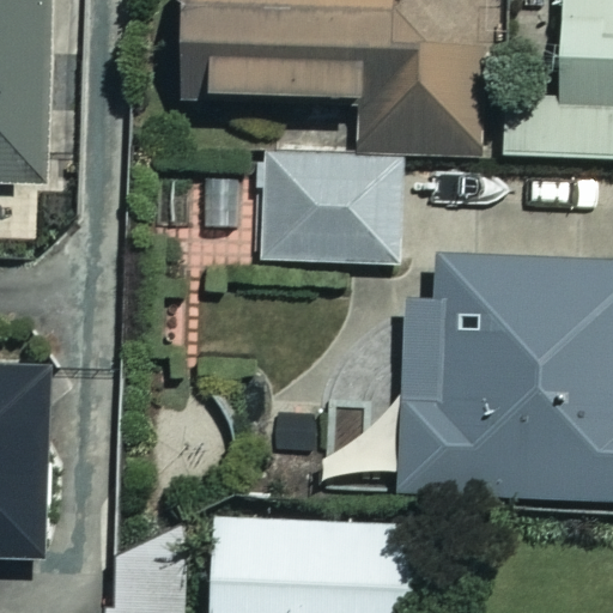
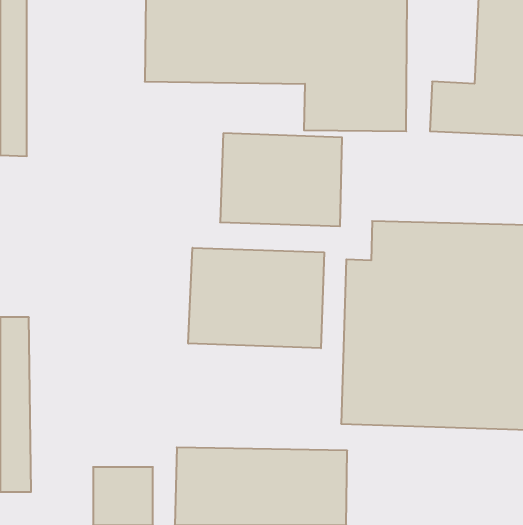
building: none -> [188,248,324,348]

